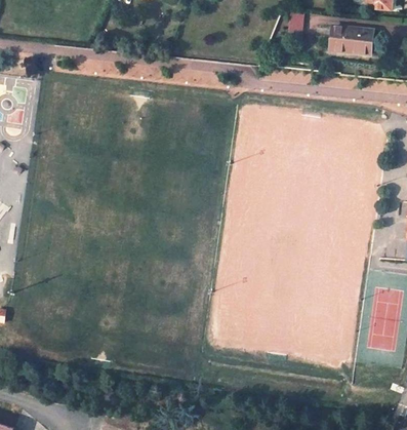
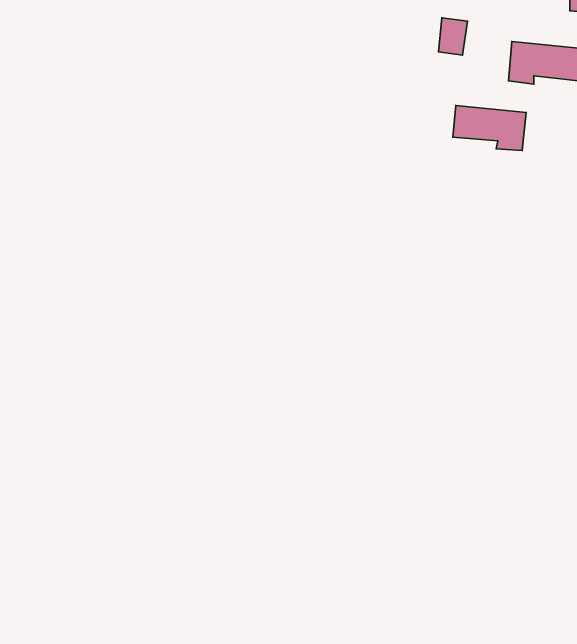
building: none -> [453,106,526,151]

